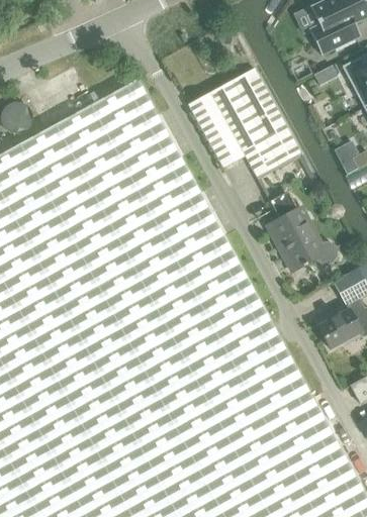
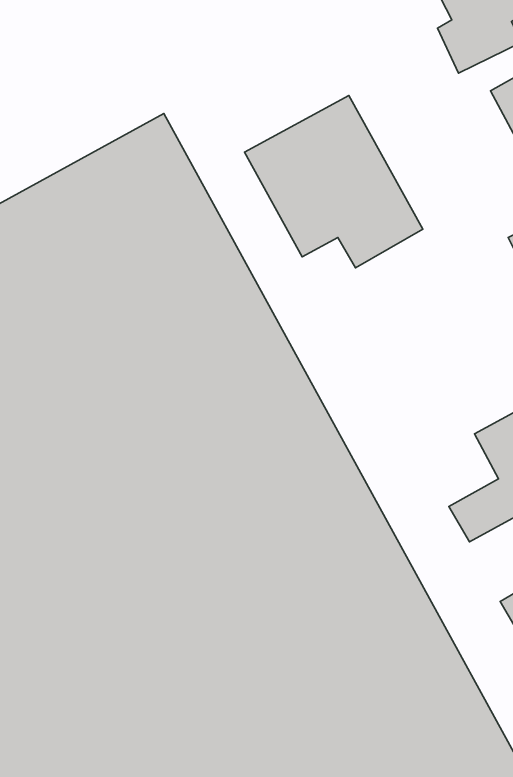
building: [269,192,338,271] -> none

